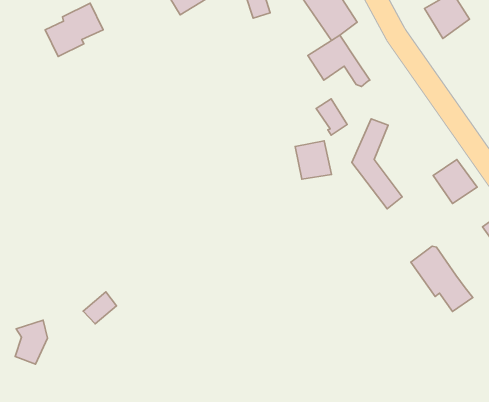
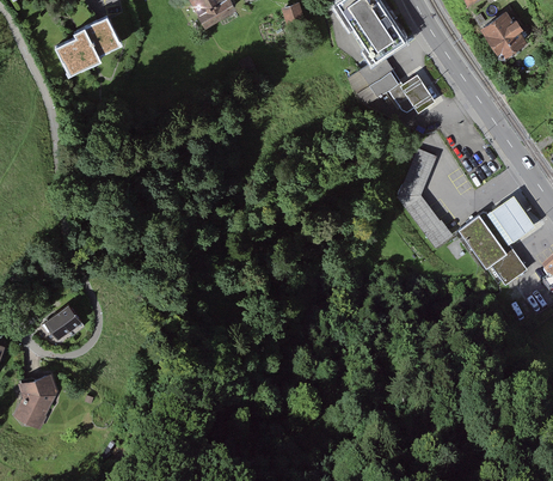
building: [316,99,347,135] -> [401,71,436,111]
building: [295,141,332,179] -> none
building: [411,246,473,311] -> [459,209,528,282]
building: [83,292,116,324] -> [44,305,81,341]

